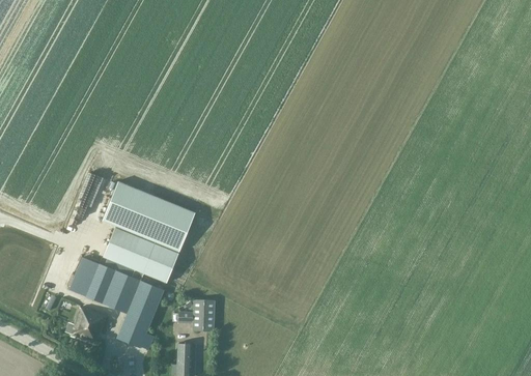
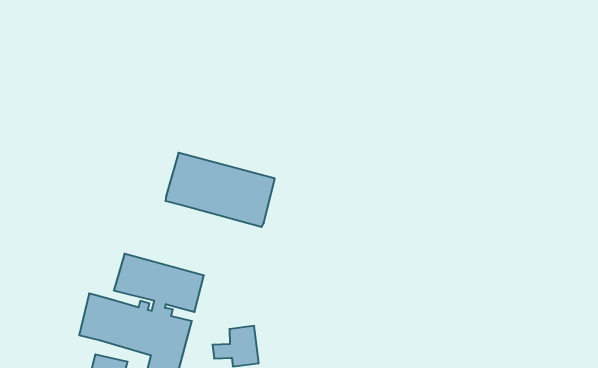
building: [102,182,194,252] -> [165,153,275,227]

